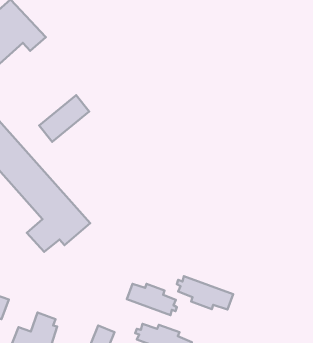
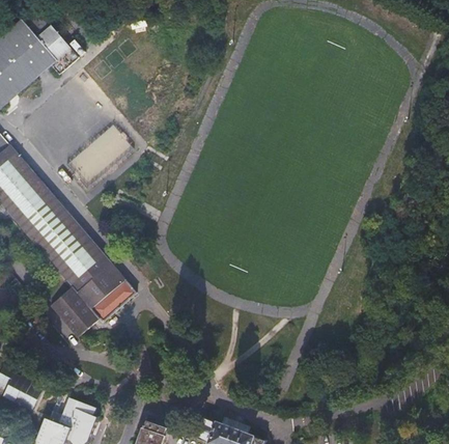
building: [177,276,233,310] -> none
building: [127,284,177,315] -> none

